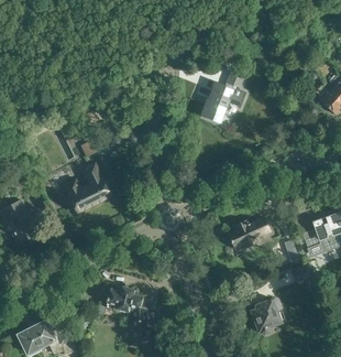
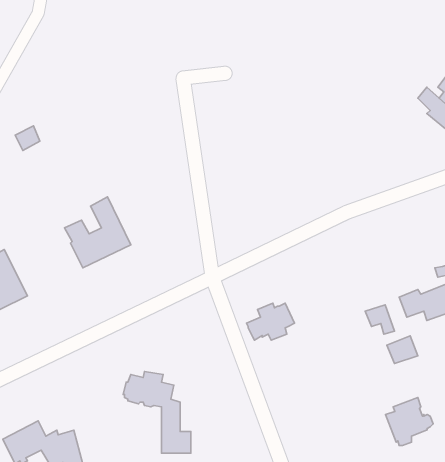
building: [201,72,243,122] -> none
building: [228,220,262,247] -> [247,303,294,340]
building: [251,299,285,333] -> [385,398,433,445]

